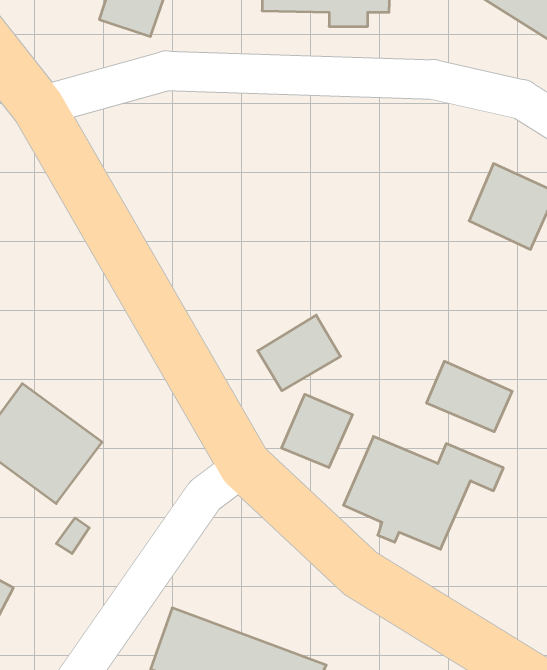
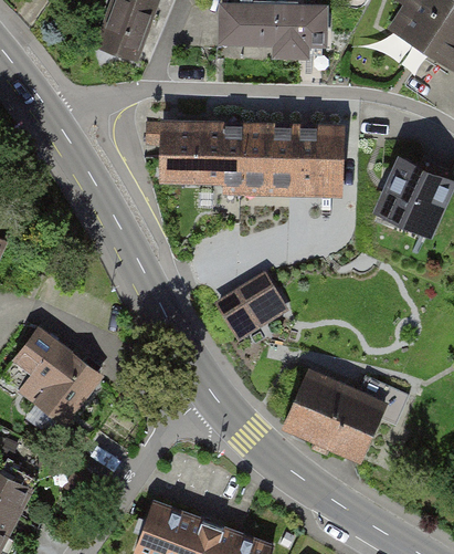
building: none -> [147,122,344,186]
building: [427,361,512,432] -> none
building: [282,394,352,468] -> none

